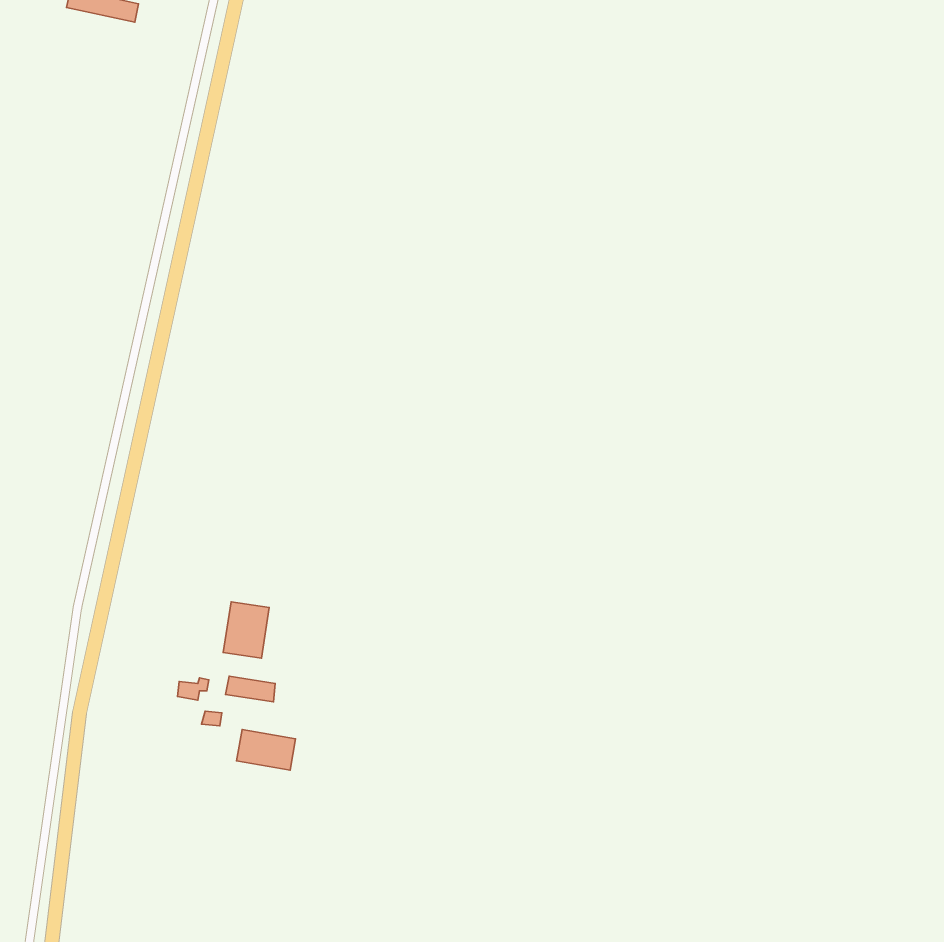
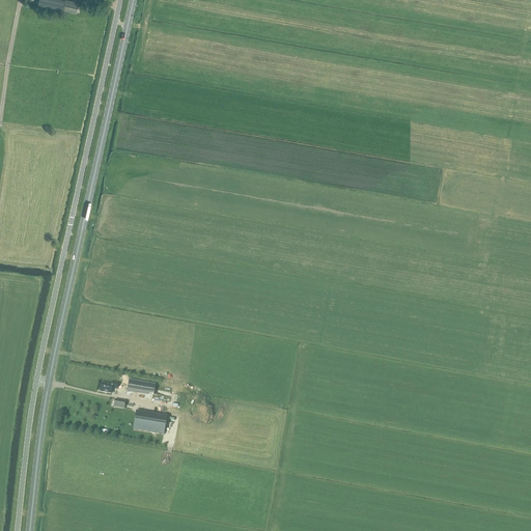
building: [223,602,269,658] -> none

